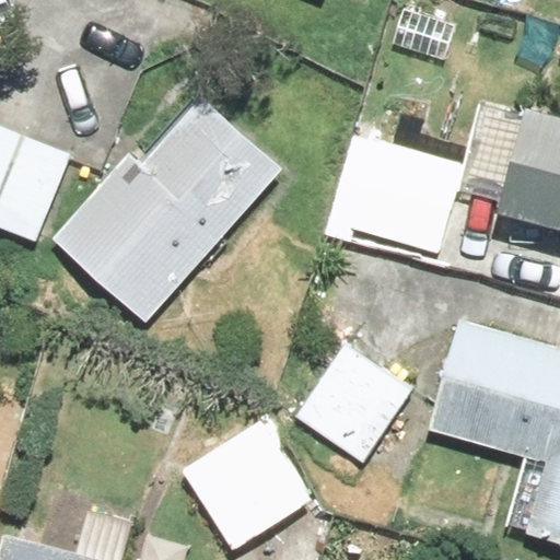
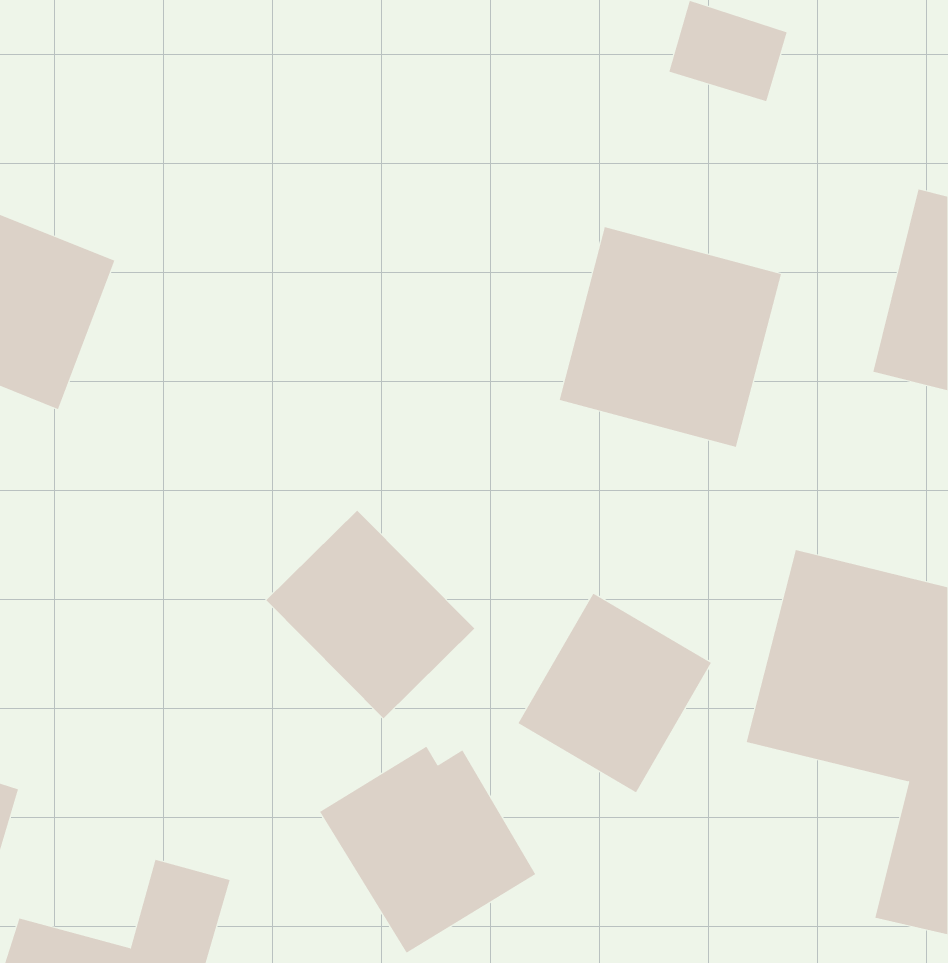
building: [56,98,283,316] -> none
building: none -> [265,510,475,719]

